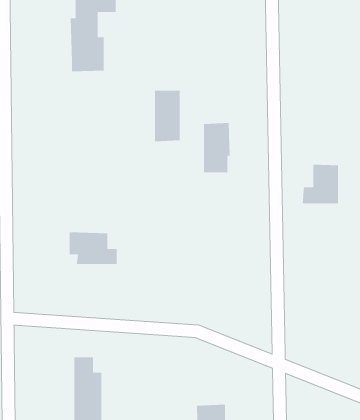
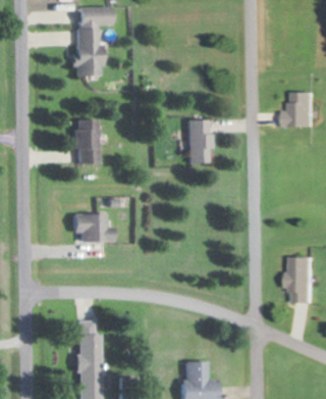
building: [154,90,180,142] -> [73,119,96,164]
building: [302,164,339,204] -> [282,92,314,127]
building: none -> [288,257,314,303]

